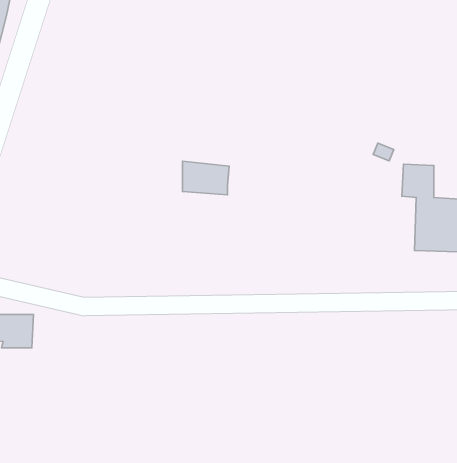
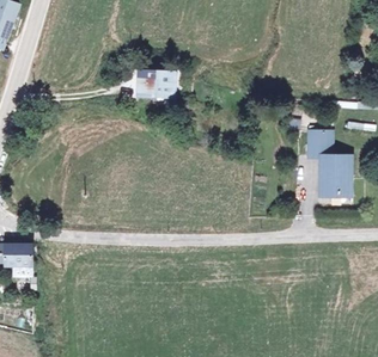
building: [183,161,229,195] -> [139,68,173,93]

